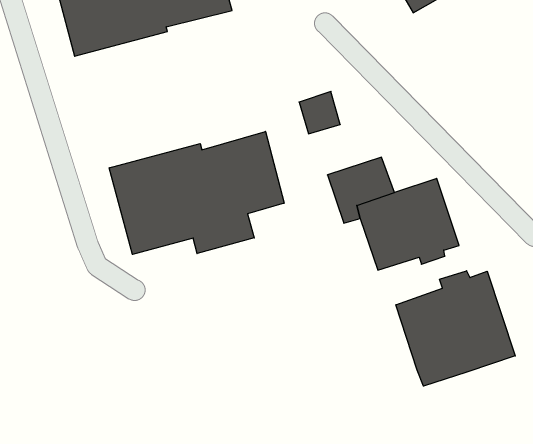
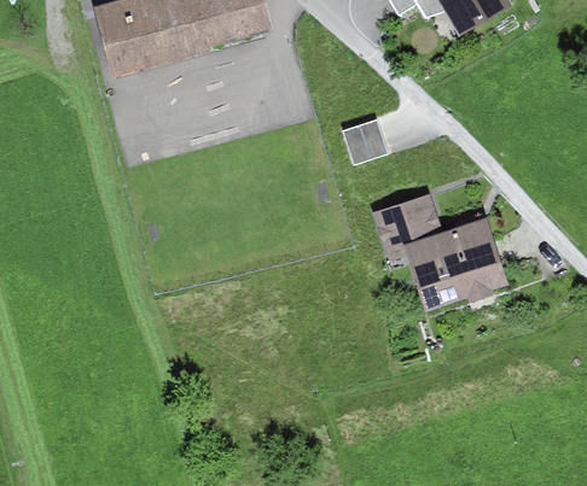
building: [109,131,284,254] -> none
building: [396,271,515,386] -> none

